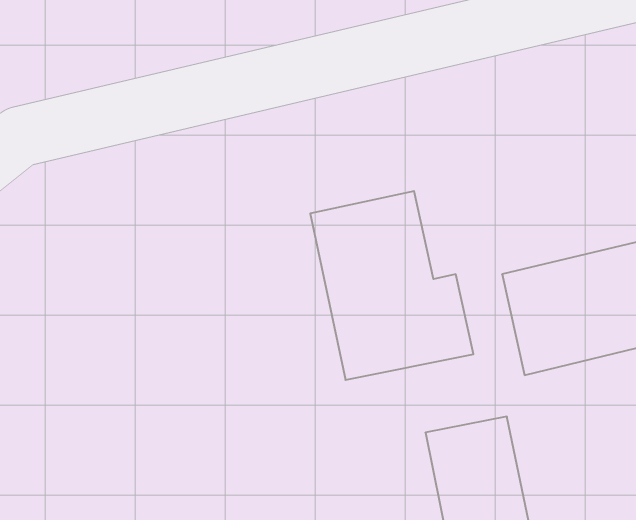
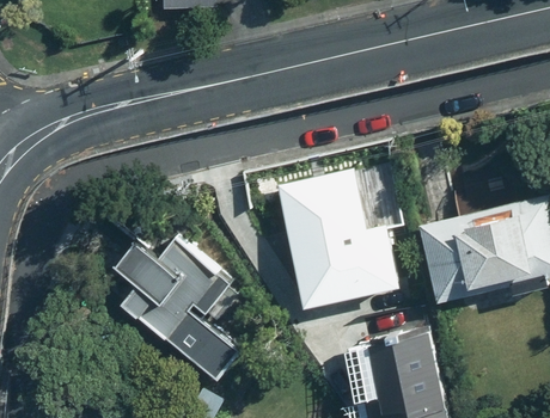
building: none -> [116,241,238,377]

